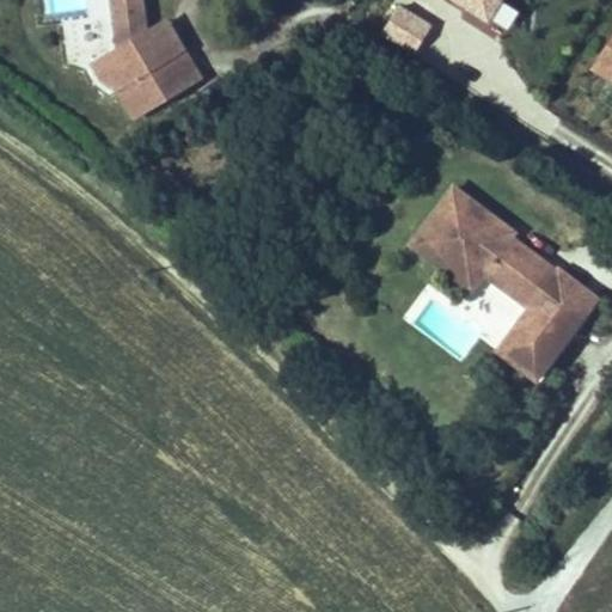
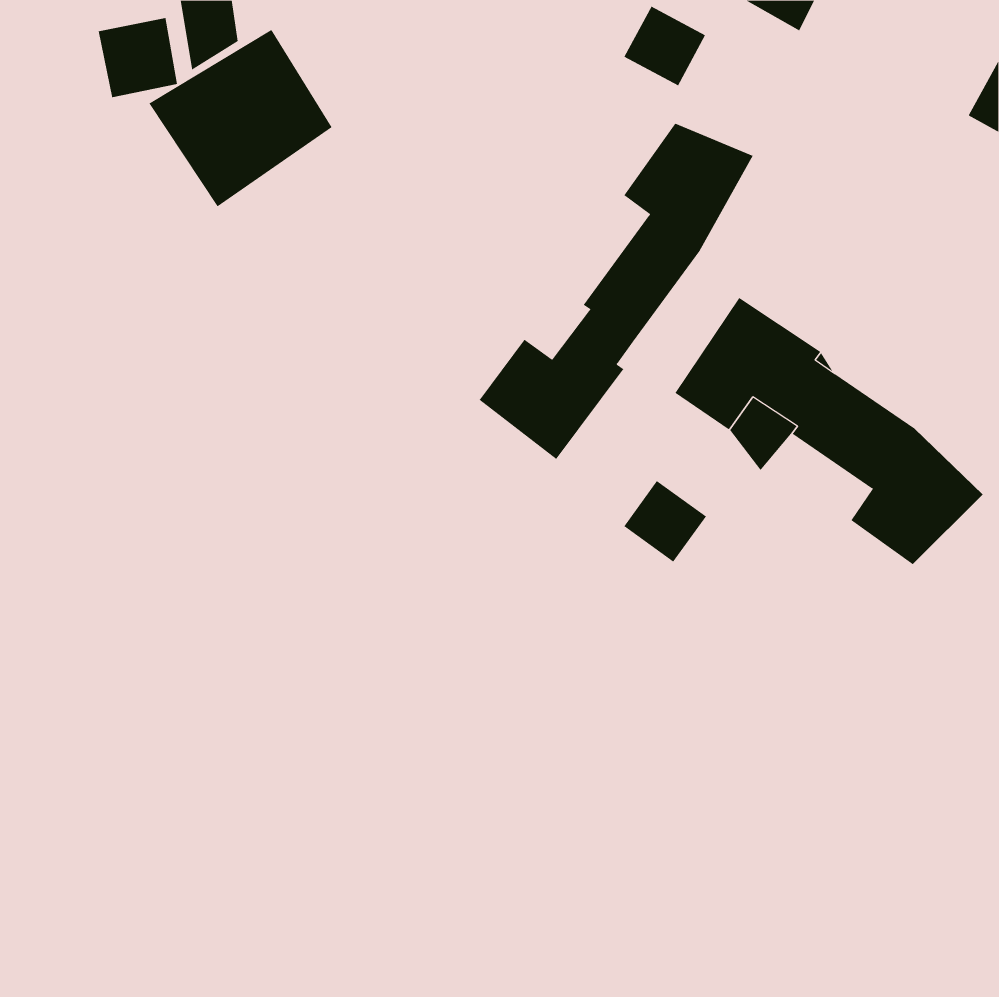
building: none -> [479,123,753,460]
building: none -> [623,480,707,562]
building: [495,319,558,379] -> none

